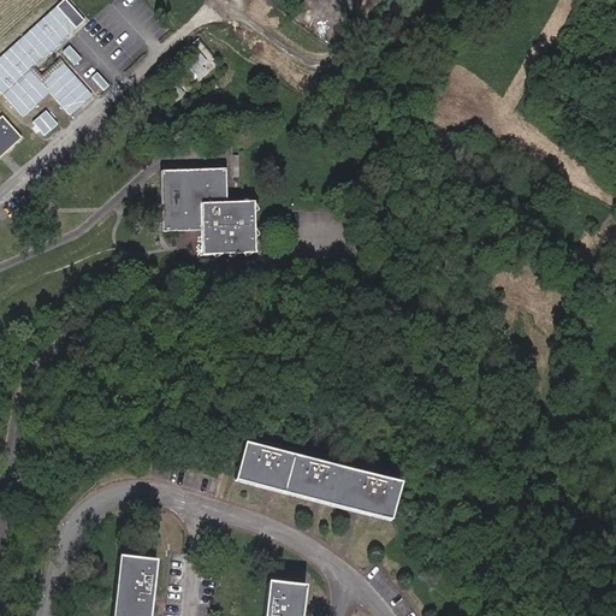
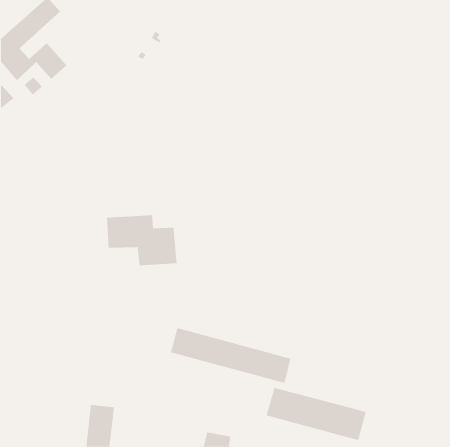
building: [162,177,260,247] -> [106,215,178,266]
building: none -> [266,387,366,441]

